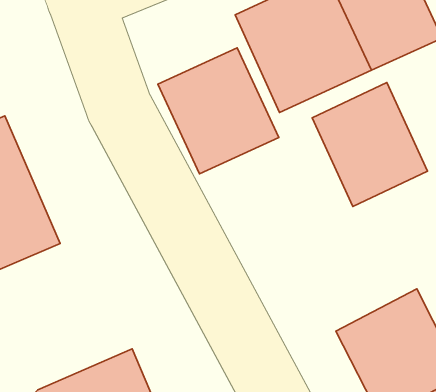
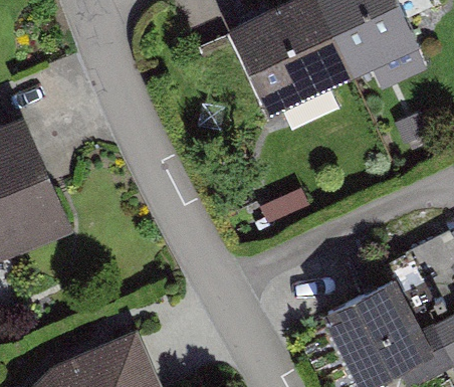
building: [158,48,279,174] -> none
building: [312,83,428,206] -> none

